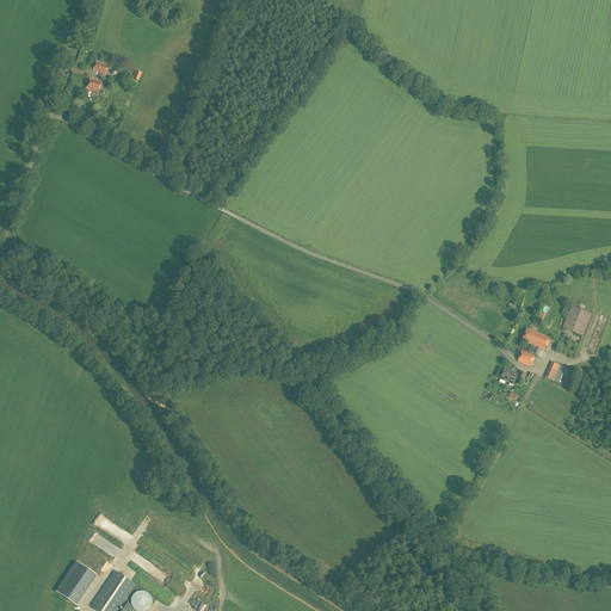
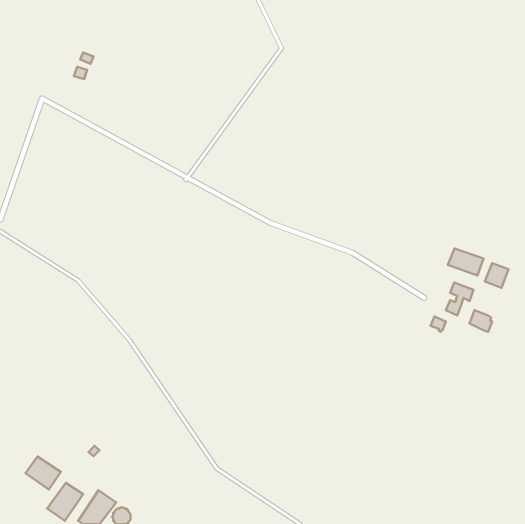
building: none -> [448,248,484,276]
building: none -> [25,457,61,489]

